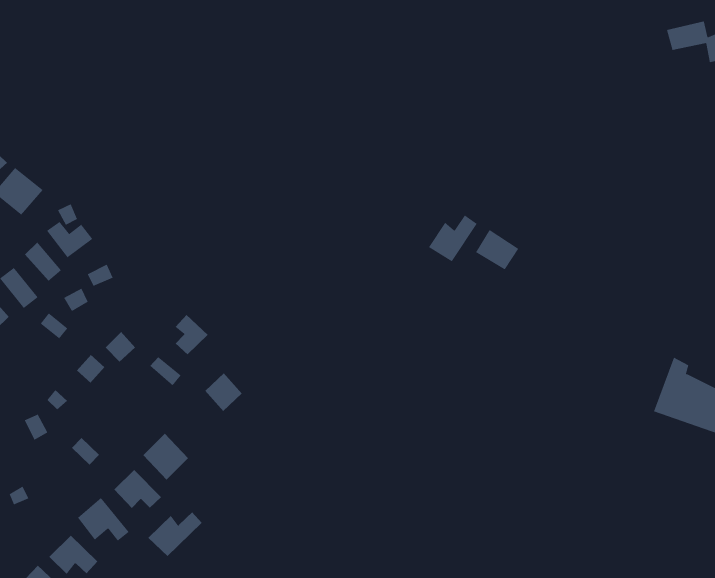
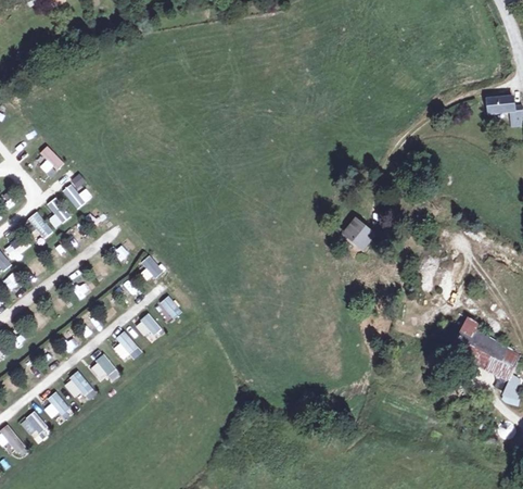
building: [428,215,477,262] -> none
building: none -> [133,312,163,341]
building: [148,512,202,557] -> none

